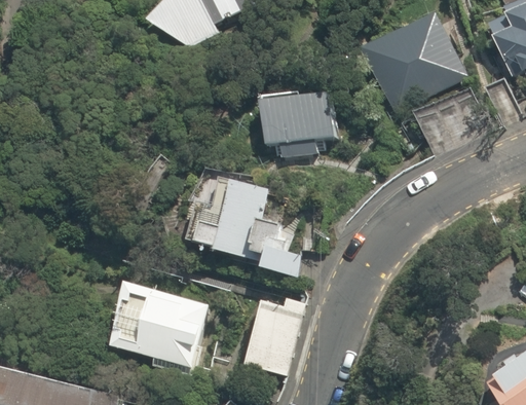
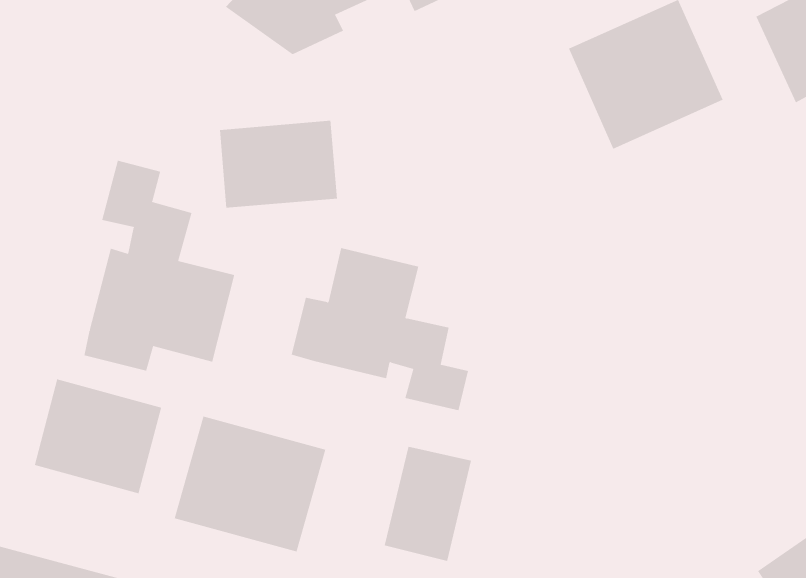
building: [261,90,337,147] -> [219,120,338,208]
building: none -> [84,160,235,371]
building: none -> [34,378,162,494]

